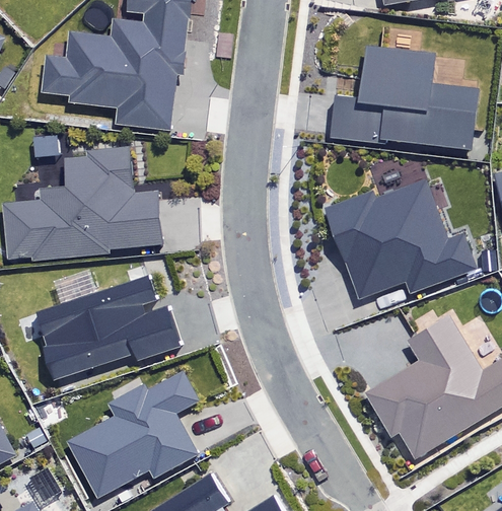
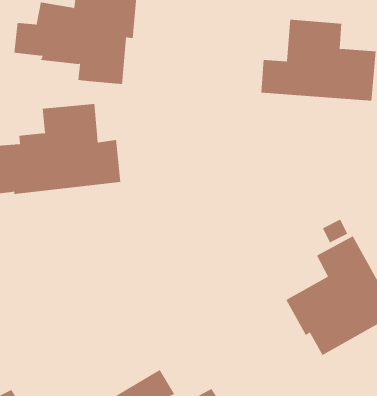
building: [326,181,471,297] -> none
building: [39,283,183,379] -> none
building: [64,370,199,497] -> none

